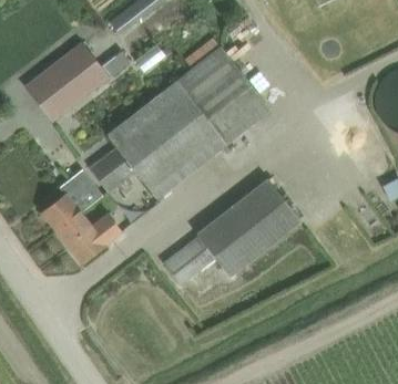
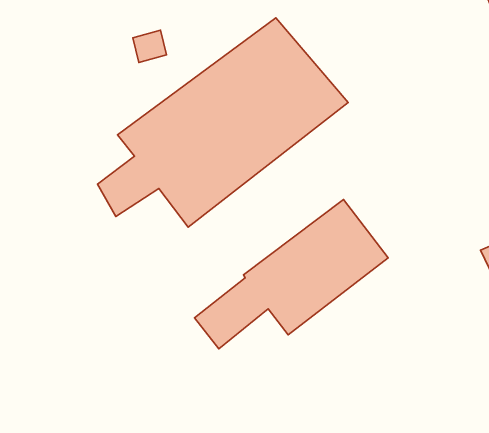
building: [25,43,109,122] -> none
building: [42,170,122,263] -> none

